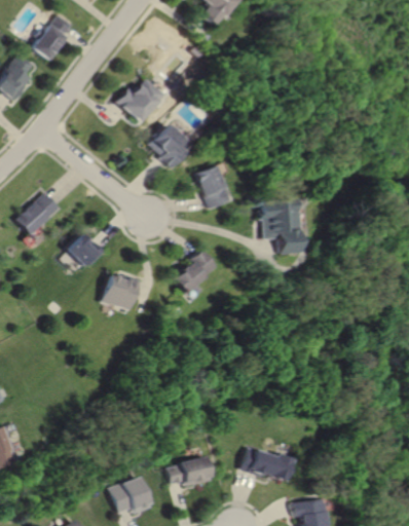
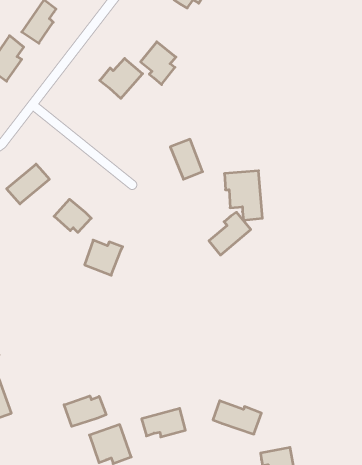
building: [148,124,186,171] -> [141,42,176,85]
building: [173,249,218,295] -> [209,212,251,255]
building: none -> [64,396,106,426]

